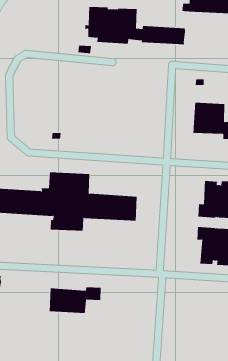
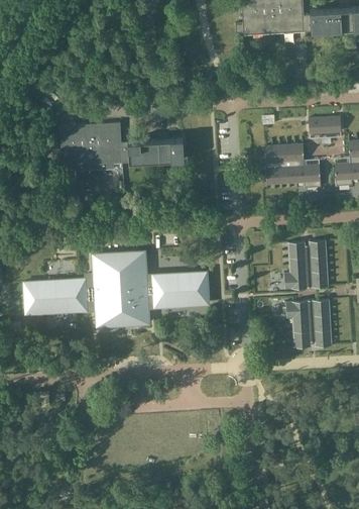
building: [84,7,186,45] -> [56,122,185,170]
building: [49,286,101,314] -> none

